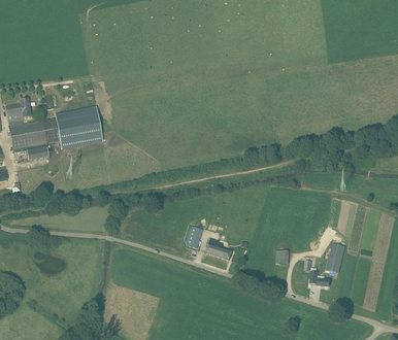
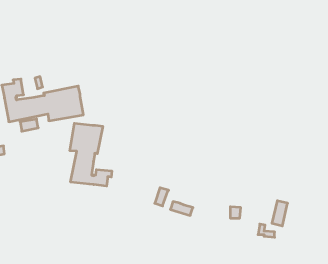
building: none -> [70,123,112,186]

